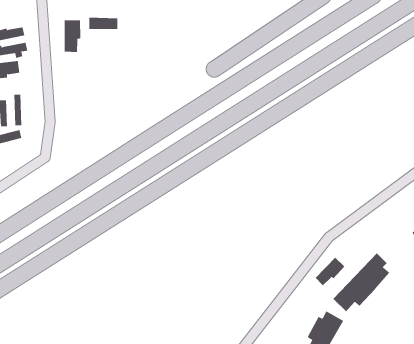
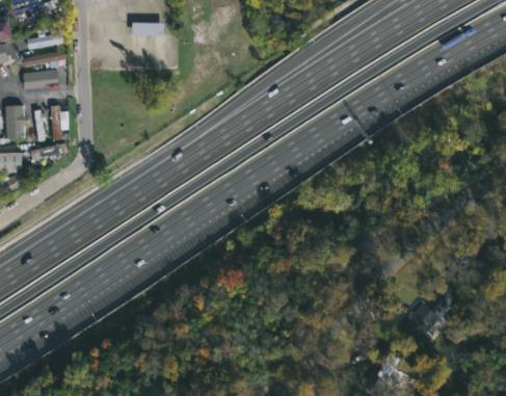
building: [64,20,81,53] -> none
building: [315,257,345,286] -> none

